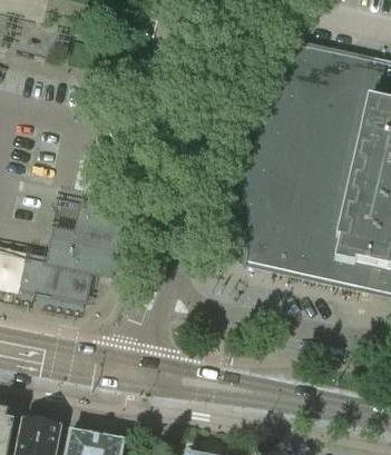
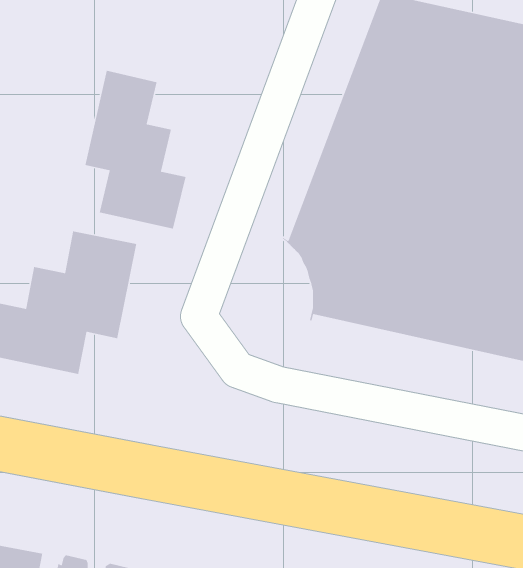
building: none -> [84,70,186,230]

